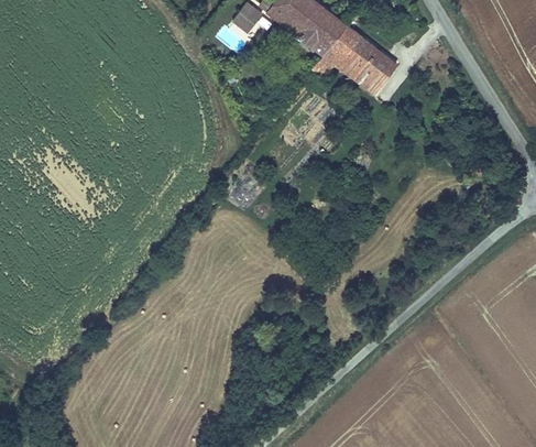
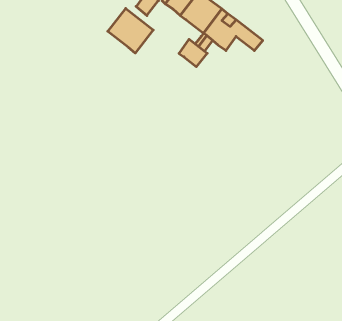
building: none -> [108,8,153,53]
building: [351,59,389,96] -> [179,39,207,67]

